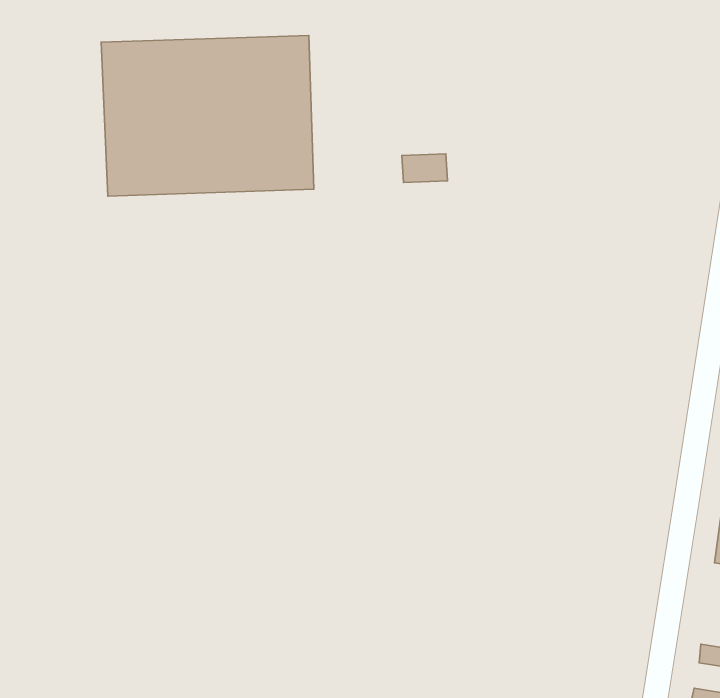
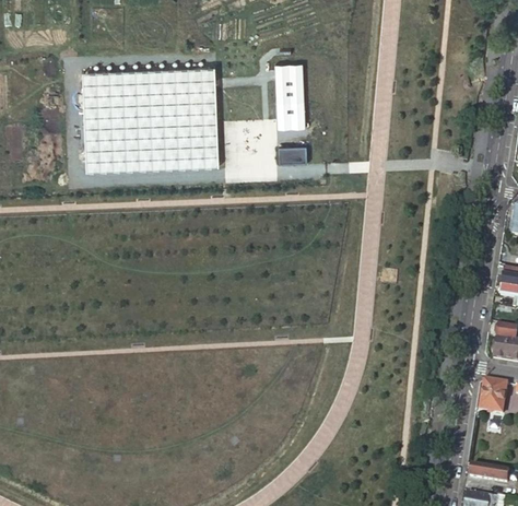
building: none -> [274,63,305,119]

